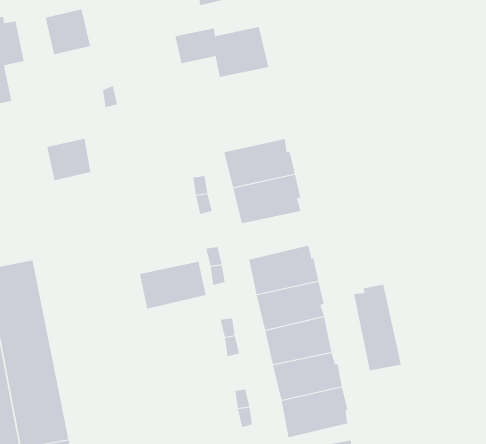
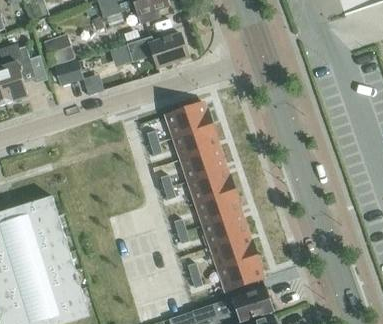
building: [46,138,91,181] -> [53,58,83,87]
building: [139,261,207,309] -> [181,147,225,181]
building: [353,284,401,371] -> none

